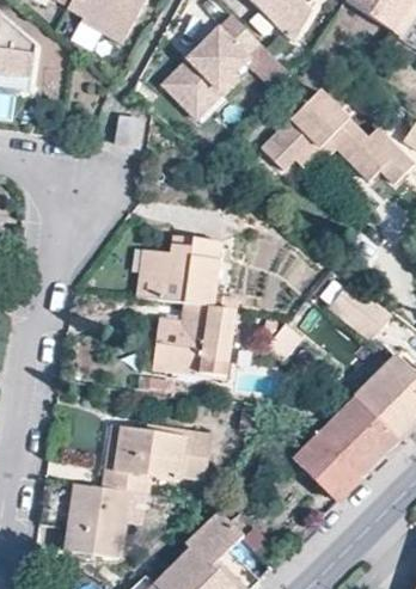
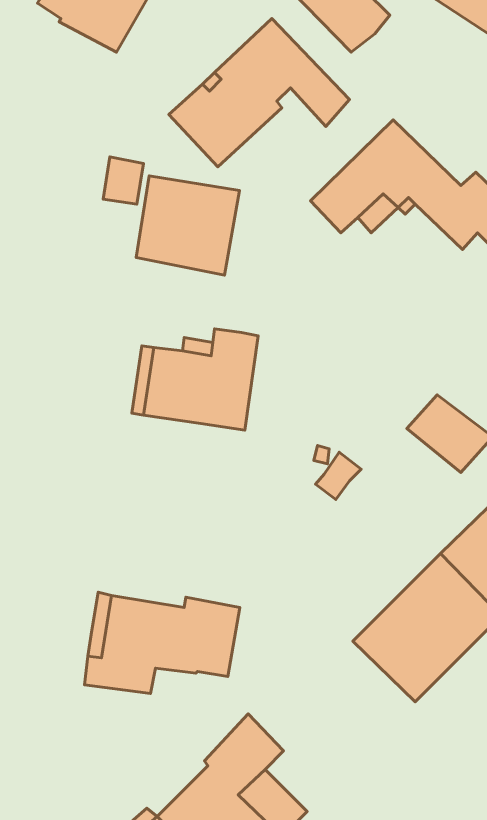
building: none -> [136,176,239,275]
building: [151,303,237,376] -> none
building: [66,484,129,558] -> none

